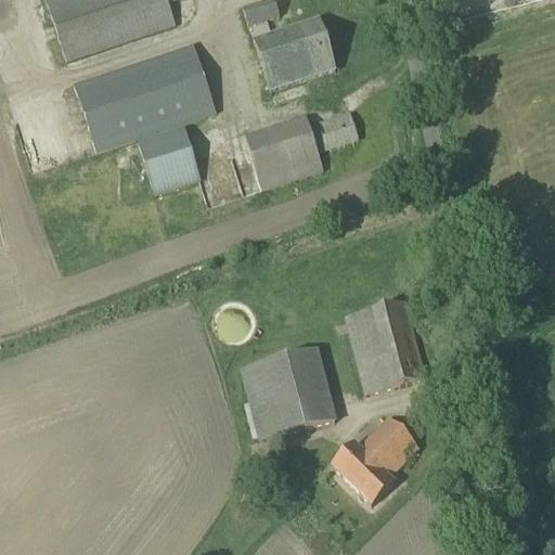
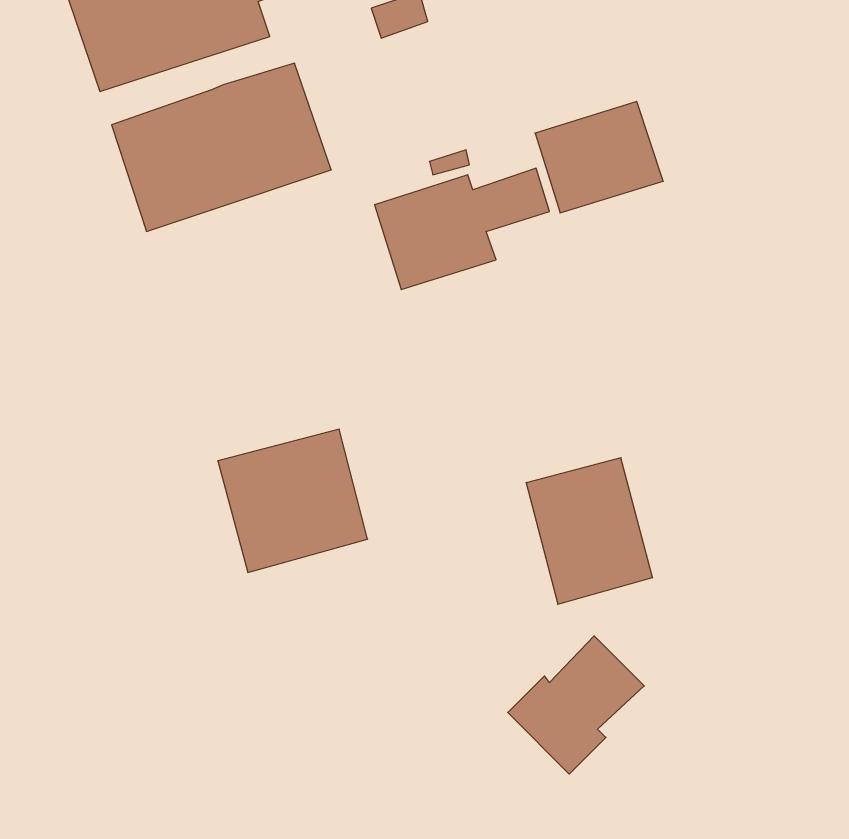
building: [254,16,337,89] -> [535,101,663,213]
building: [138,126,202,194] -> none
building: [240,347,337,440] -> [218,429,368,572]

